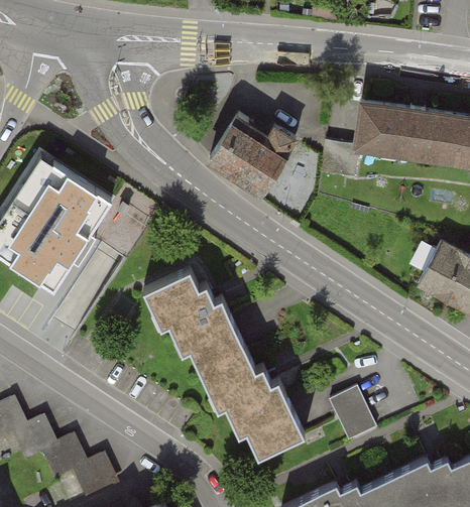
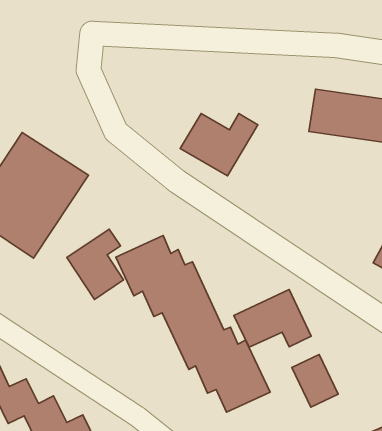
building: none -> [67,229,123,299]
building: none -> [234,290,311,347]

